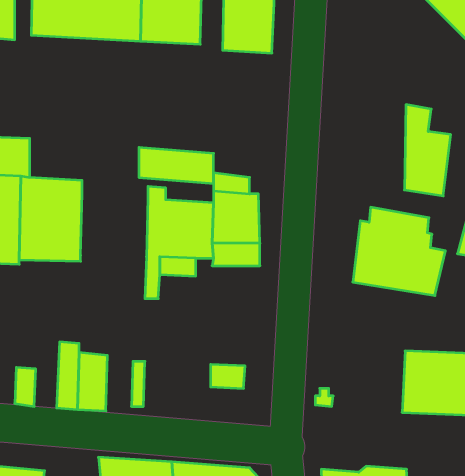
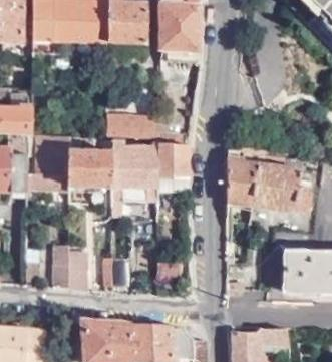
building: [404,105,451,196] -> [224,142,255,204]
building: none -> [67,144,112,187]

